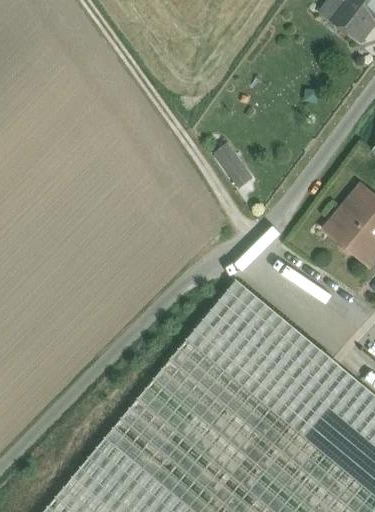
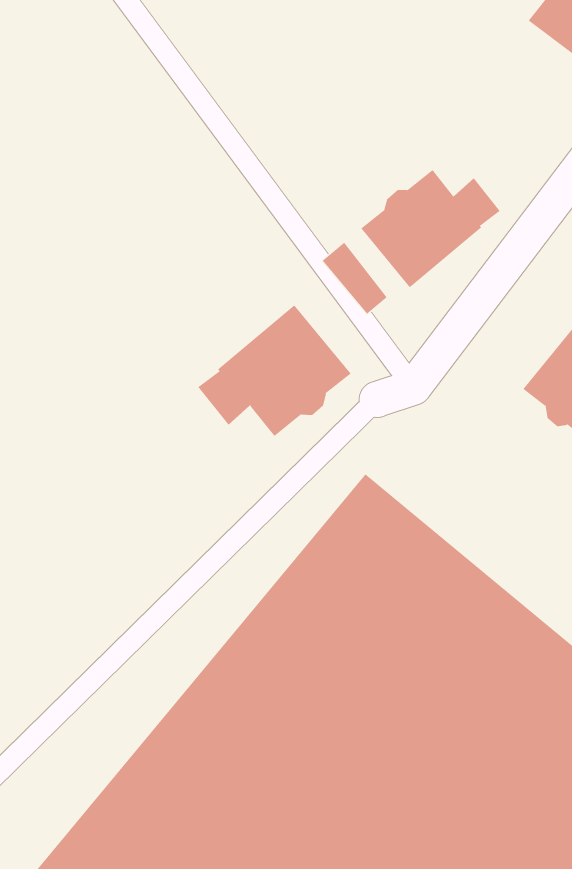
building: none -> [360,169,500,288]
building: none -> [198,305,351,437]

